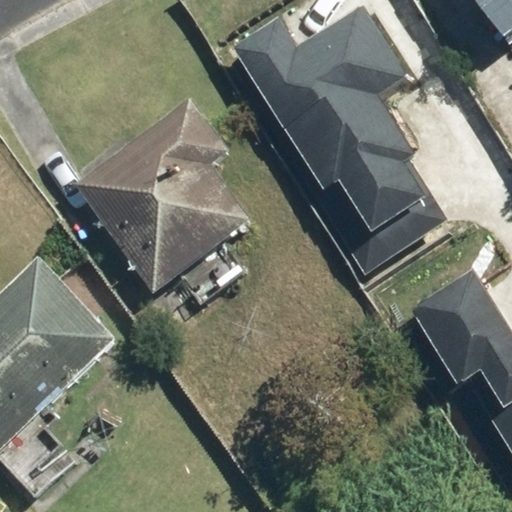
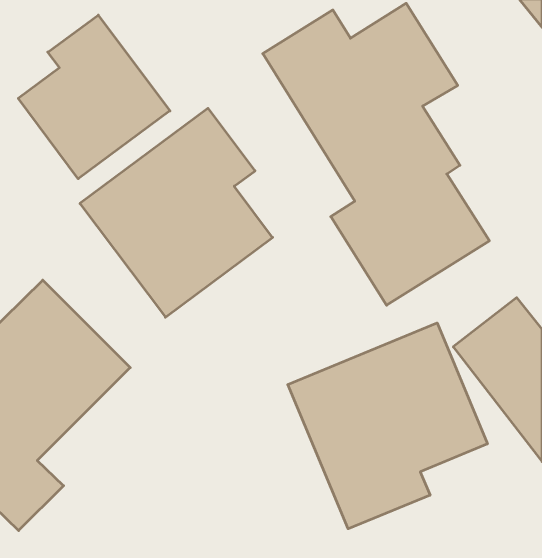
building: none -> [18,15,170,179]
building: none -> [288,323,487,529]

